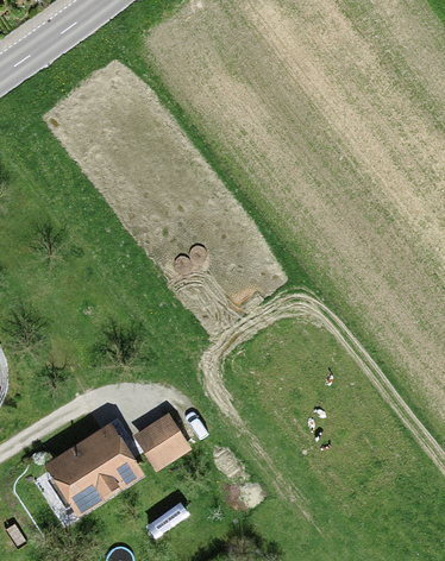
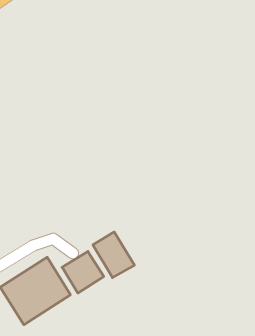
building: none -> [93,232,134,278]

